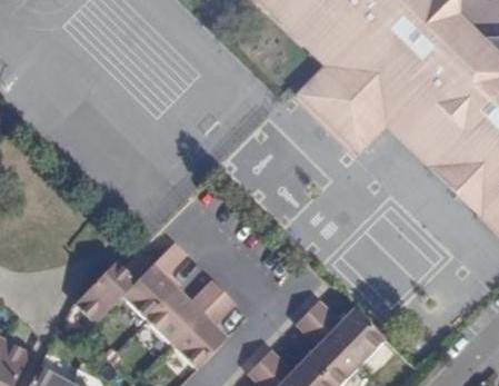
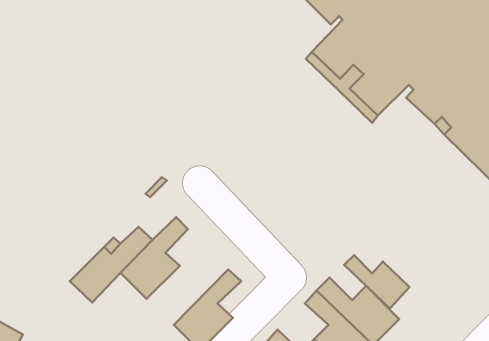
building: none -> [344,255,409,309]
building: [148,278,224,343] -> none

